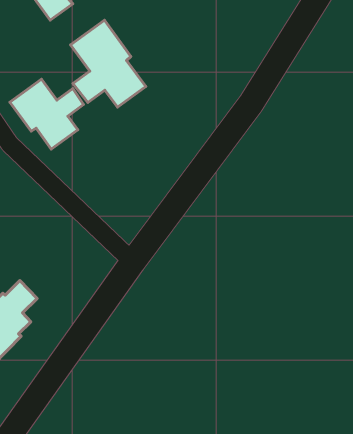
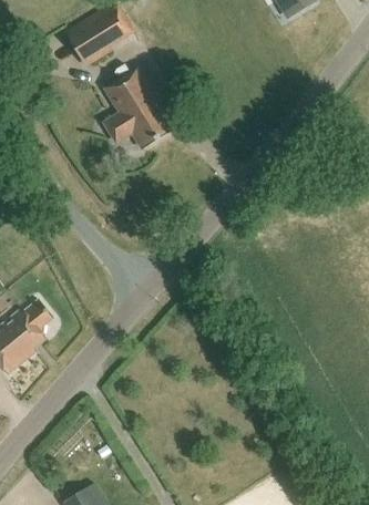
building: [10,79,84,149] -> none

